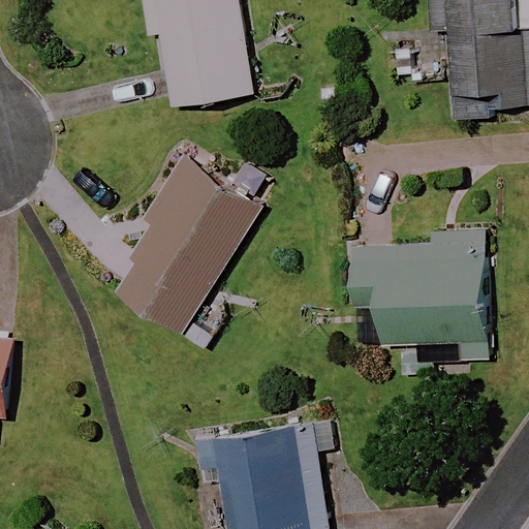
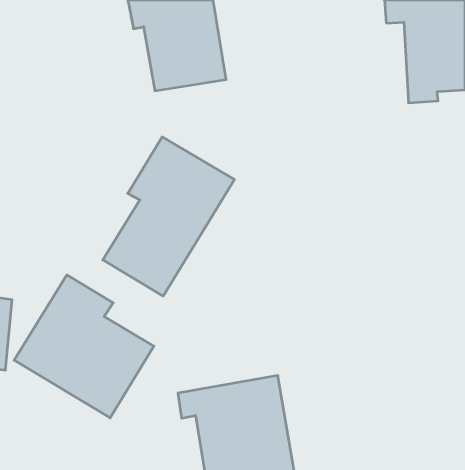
building: [352,230,490,357] -> none
building: none -> [14,275,154,418]

